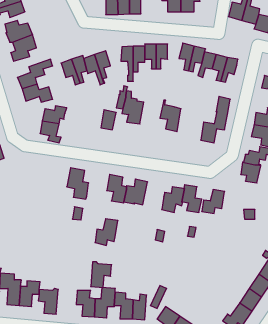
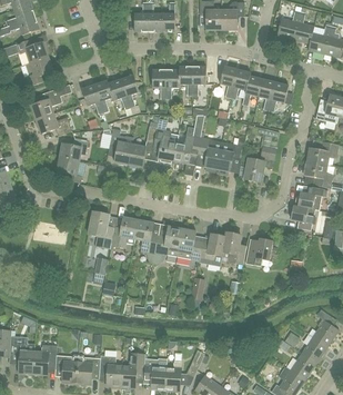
building: none -> [173,115,204,164]
building: none -> [109,128,131,165]
building: none -> [216,136,245,174]
building: none -> [176,228,202,260]
building: [95,219,118,245] -> [111,217,138,248]
building: [91,262,112,288] -> [75,354,100,384]

